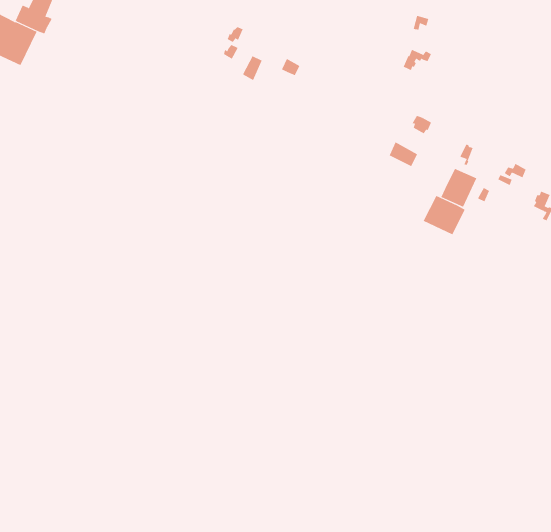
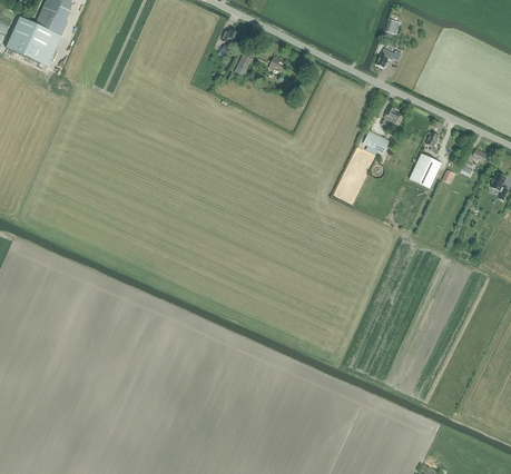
building: [423,195,466,235] -> none

